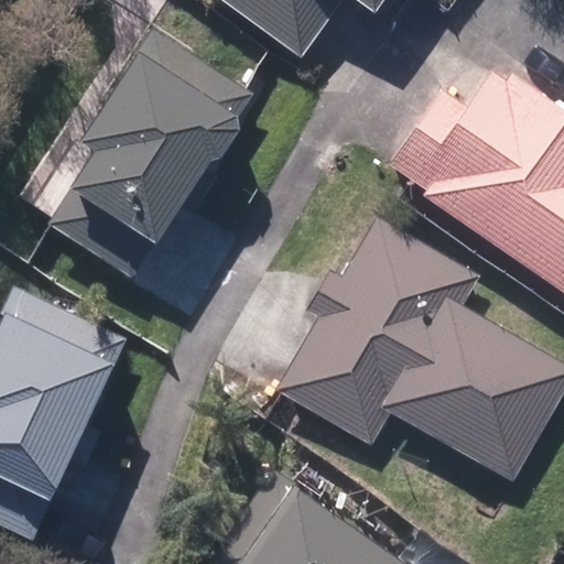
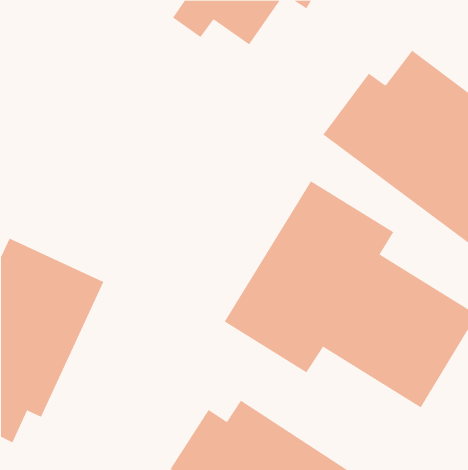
building: [65,31,250,249] -> none

